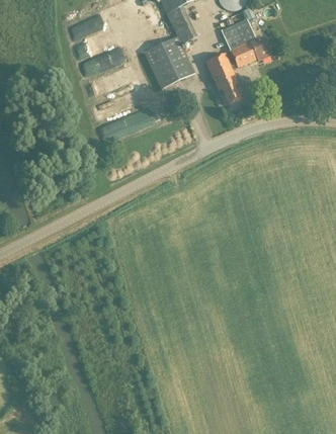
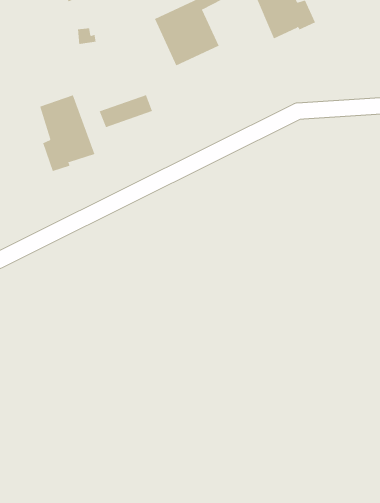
building: [205,54,244,105] -> none
building: none -> [40,94,95,172]

